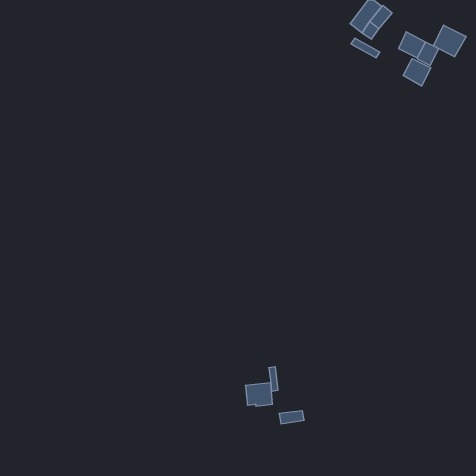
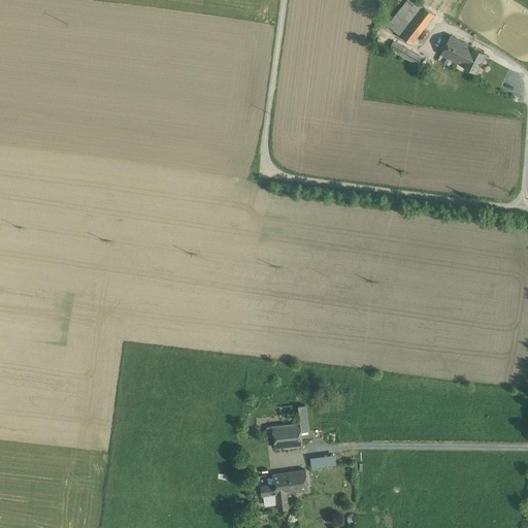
building: [433,25,466,57] -> none
building: [403,59,431,86] -> none
building: none -> [260,470,306,510]

